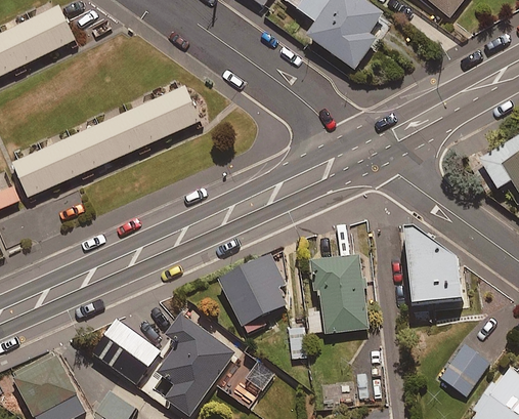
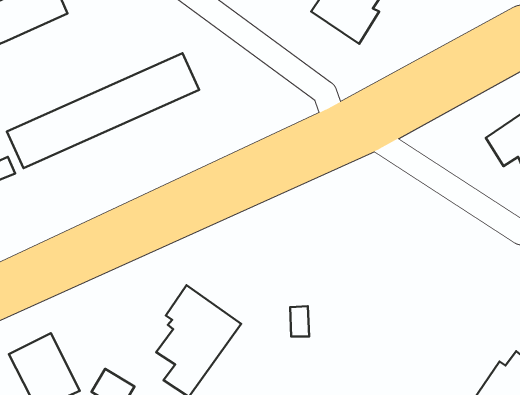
building: [405,231,461,305] -> none
building: [222,257,289,327] -> none
building: [316,258,370,334] -> none
building: [93,322,161,388] -> none
building: [439,343,489,395] -> none

